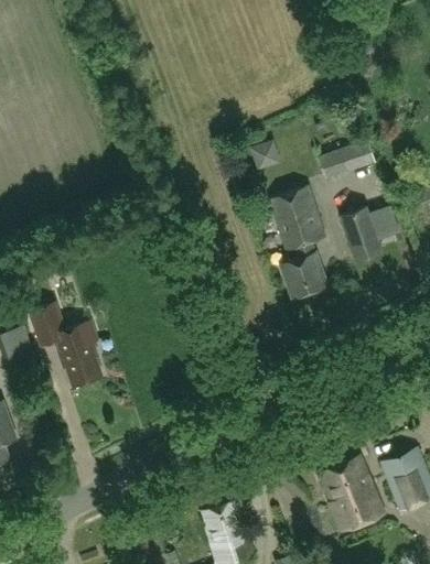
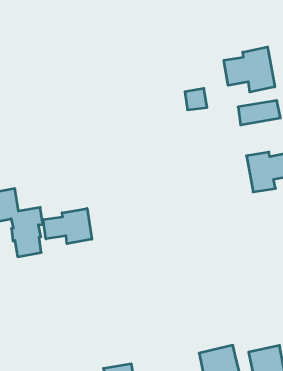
building: none -> [224,47,275,92]
building: [269,185,326,297] -> none
building: none -> [43,208,92,244]

